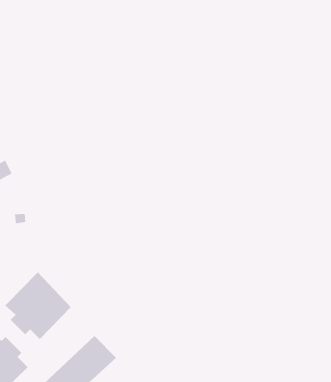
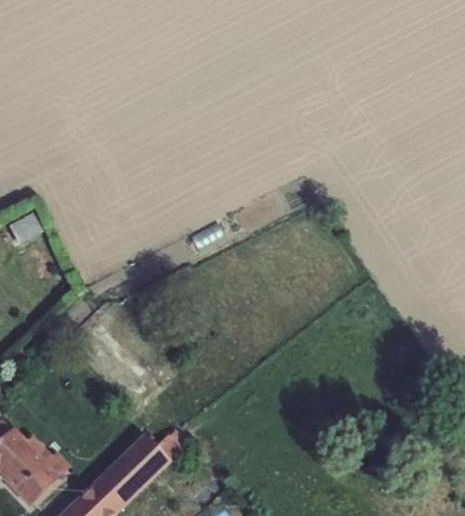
building: [4,271,72,340] -> none

